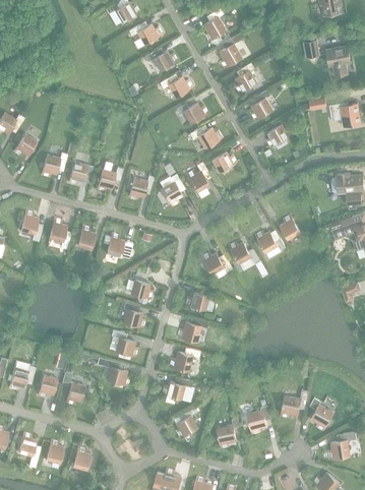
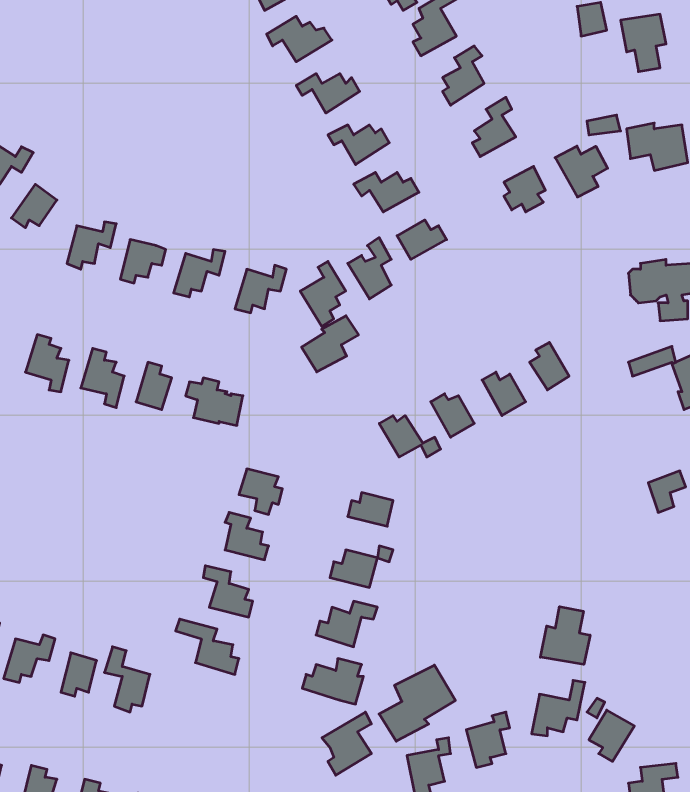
building: none -> [555,146,608,197]
building: none -> [302,316,358,372]
building: none -> [540,607,590,664]
building: none -> [379,665,455,741]

